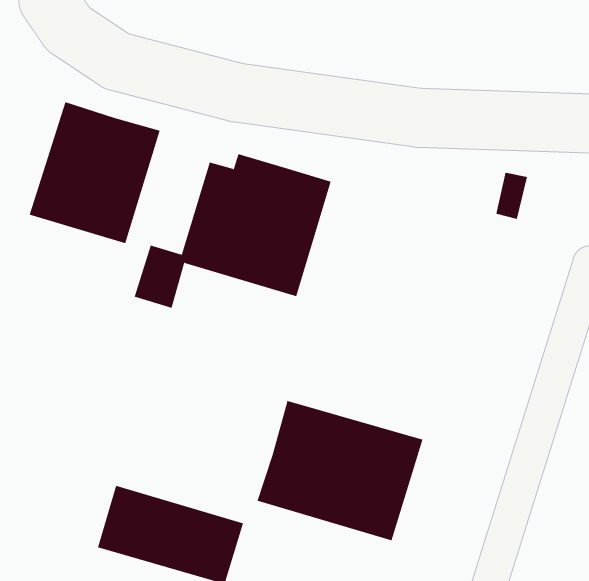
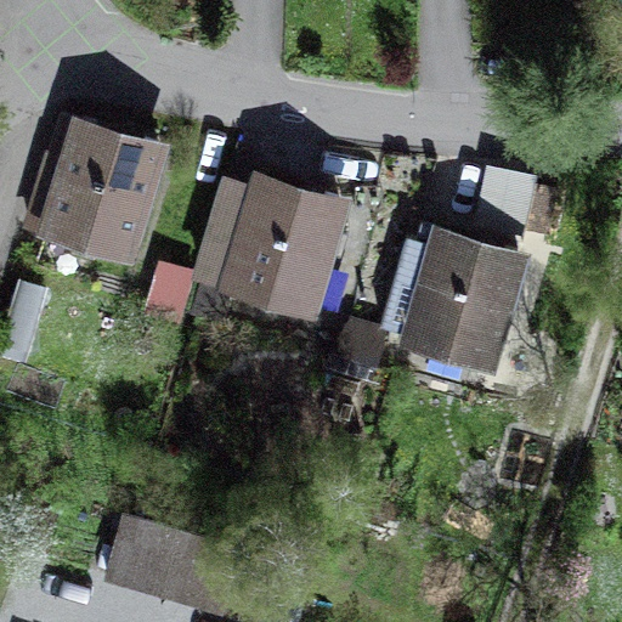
building: none -> [332,228,531,392]
building: [257,400,423,541] -> none

